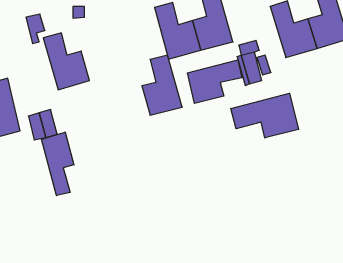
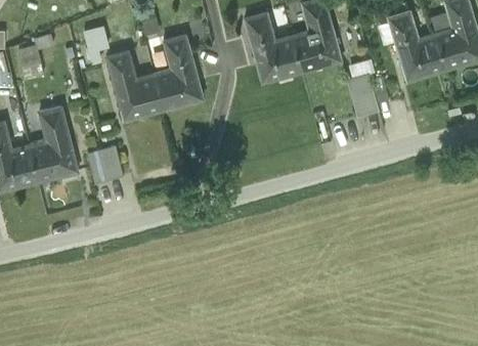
building: [142,55,182,115] -> [153,35,203,110]
building: [188,60,242,103] -> none
building: [231,93,299,138] -> none
building: [41,132,74,196] -> none

